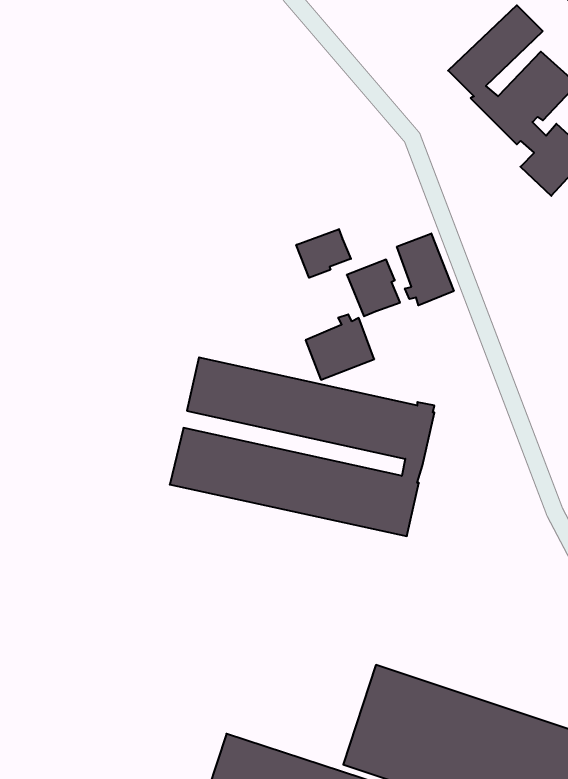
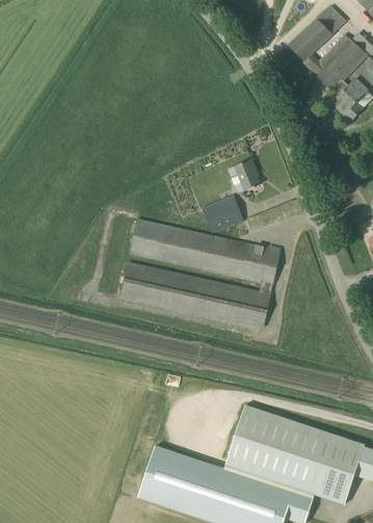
building: [296,229,351,278] -> none
building: [397,233,454,305] -> none

